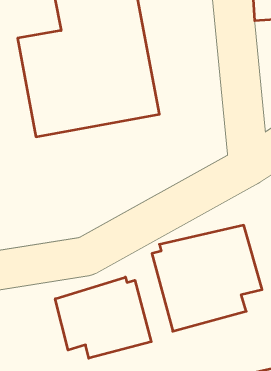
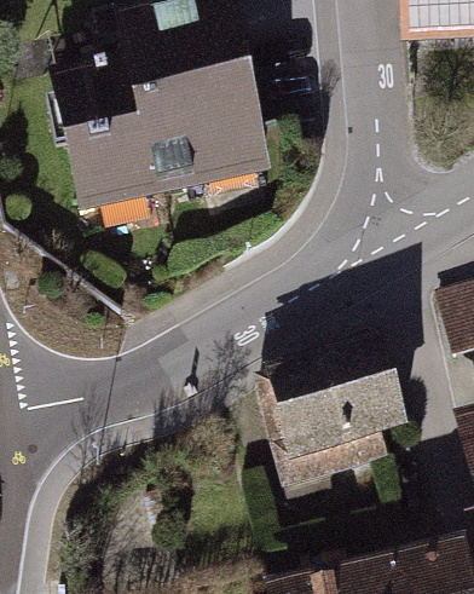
building: [55,277,151,358] -> none

